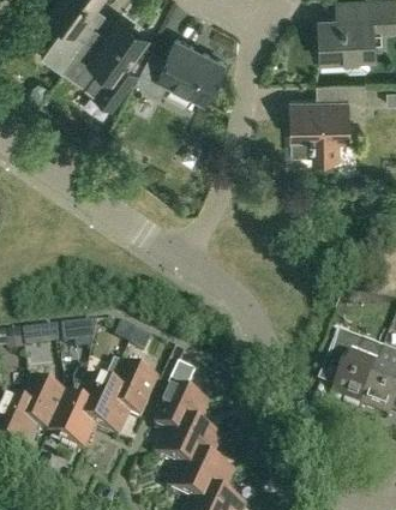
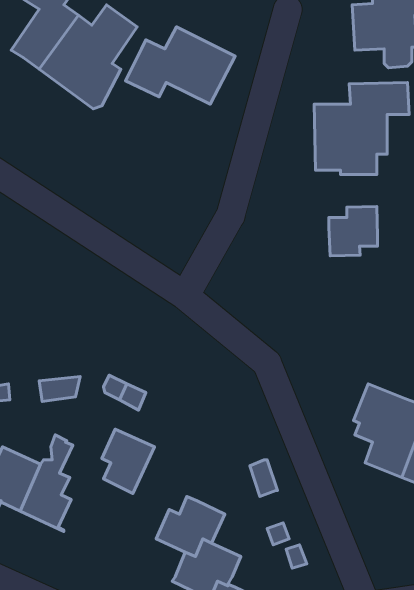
building: none -> [329,207,377,256]
building: [82,361,127,433] -> none
building: [156,364,205,434] -> none

